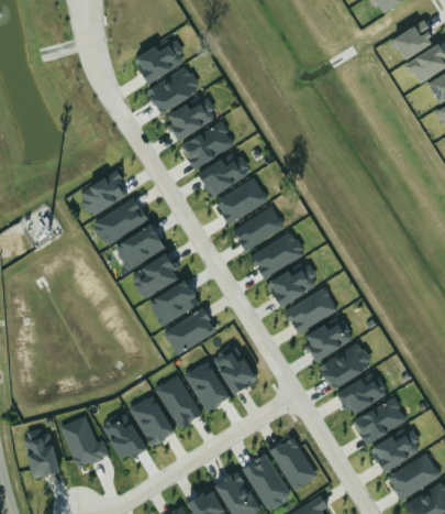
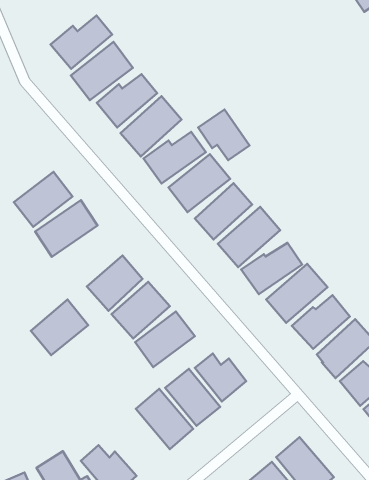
building: none -> [198,110,250,160]
building: [113,225,164,271] -> [31,299,88,355]
building: [130,395,174,446] -> none

